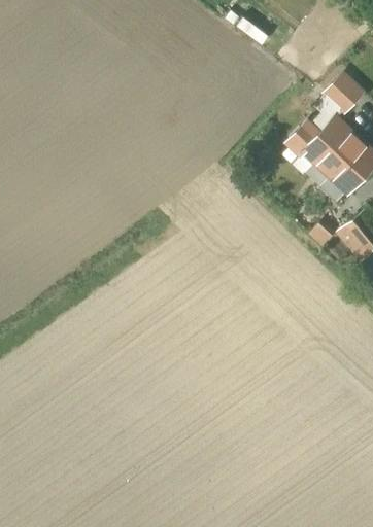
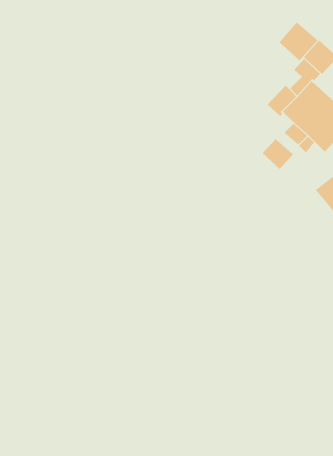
building: none -> [279,21,318,61]
building: none -> [262,138,294,170]

